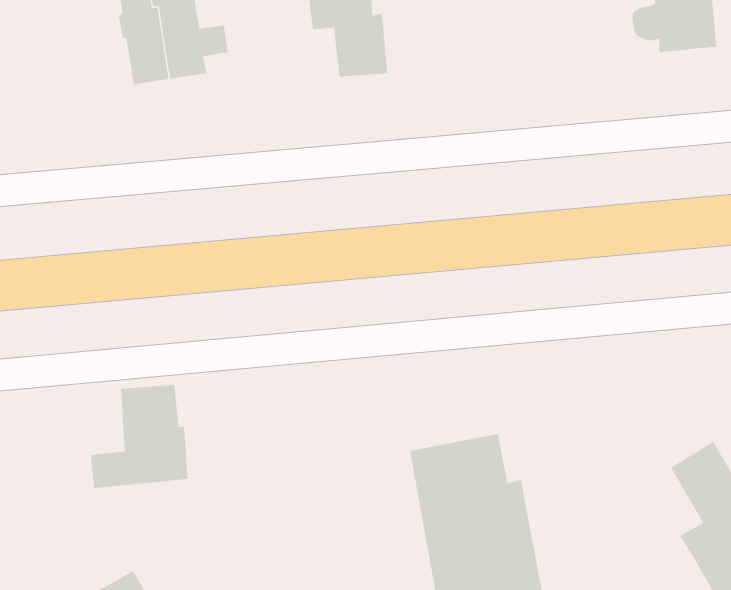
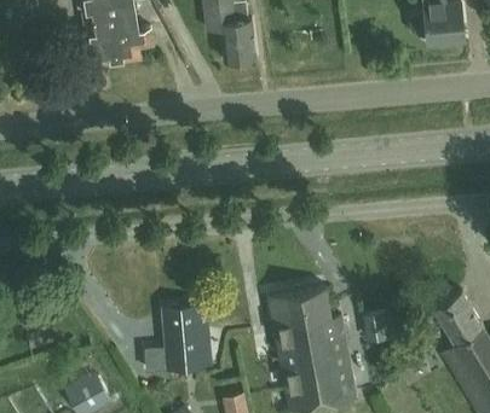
building: [90,384,189,489] -> [145,306,208,372]

